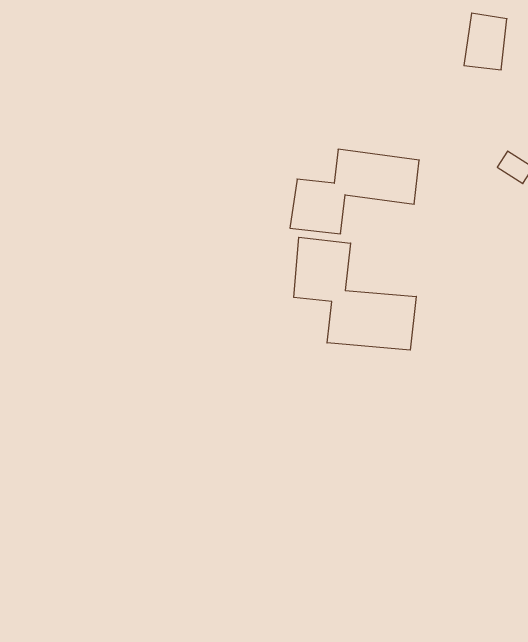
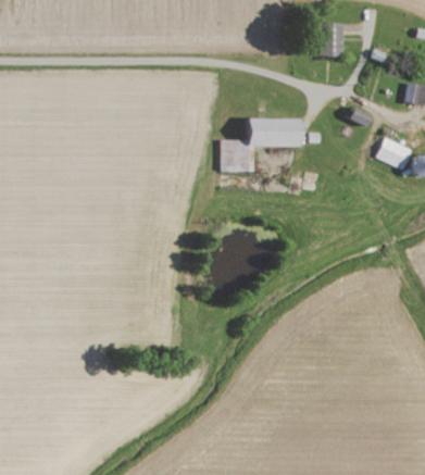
building: [294,237,416,350] -> none

